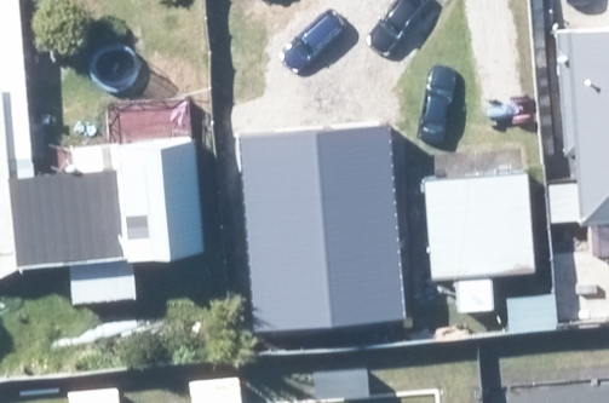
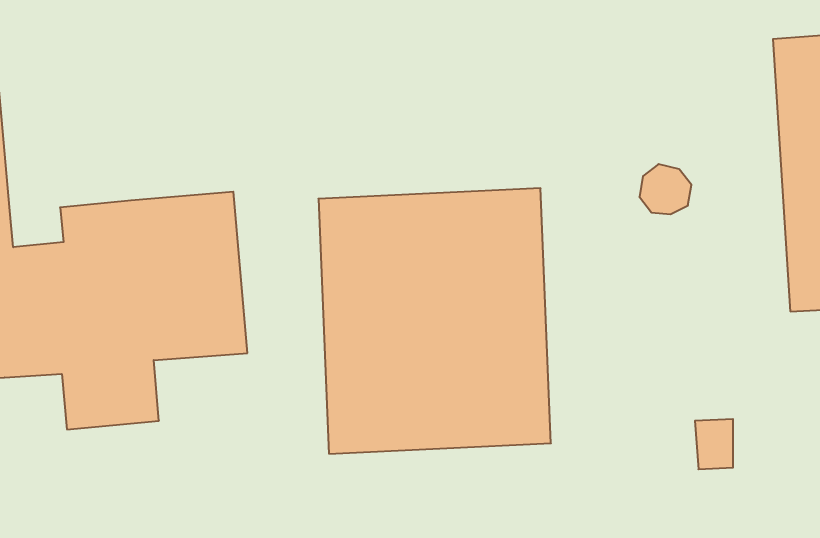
building: [421,173,527,312] -> none

